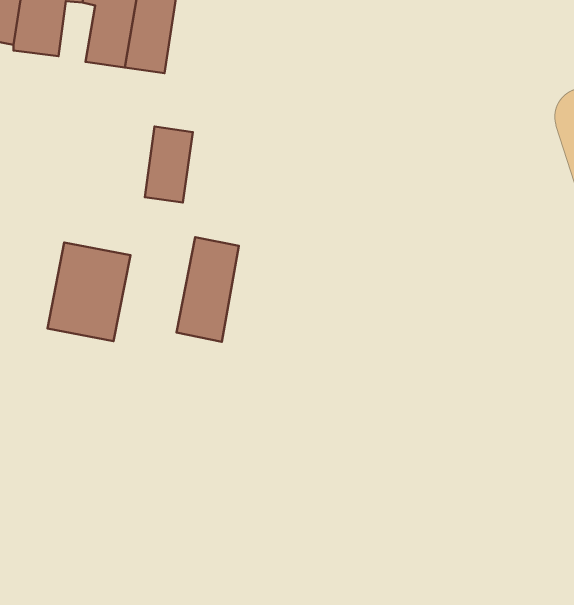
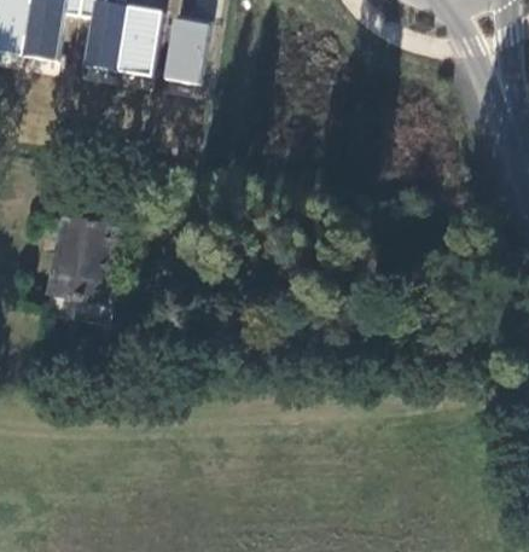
building: [145,126,193,203] -> [164,17,205,82]
building: [176,237,239,342] -> none

